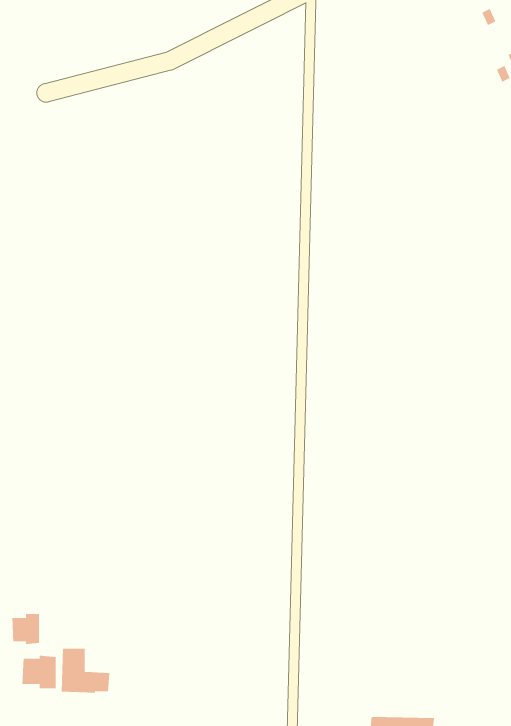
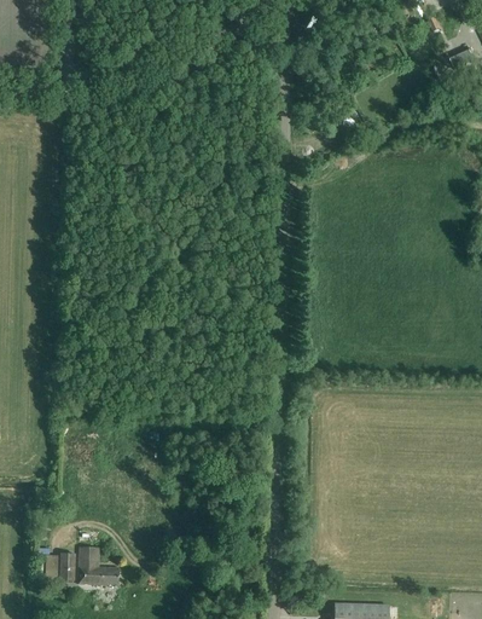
building: [12,613,39,645] -> none

